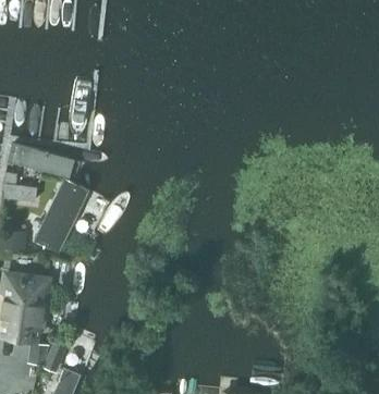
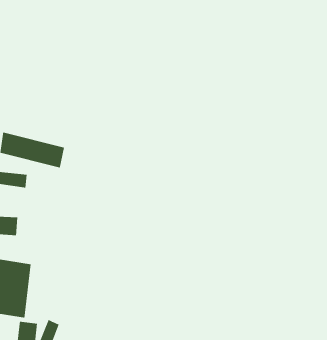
building: [36,183,88,255] -> none

